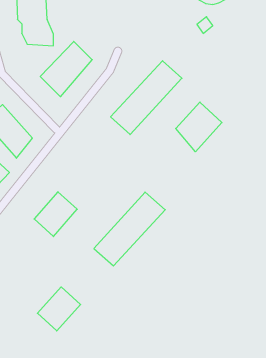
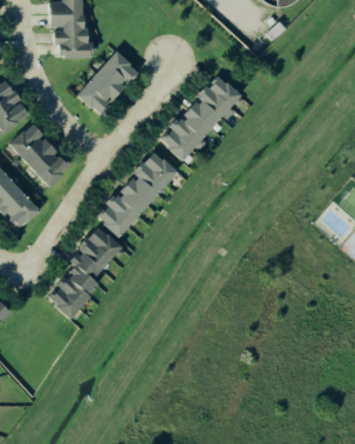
building: [176,102,222,152] -> none
building: [94,192,165,266] -> [97,154,181,240]
building: [37,287,81,331] -> [50,269,101,320]

